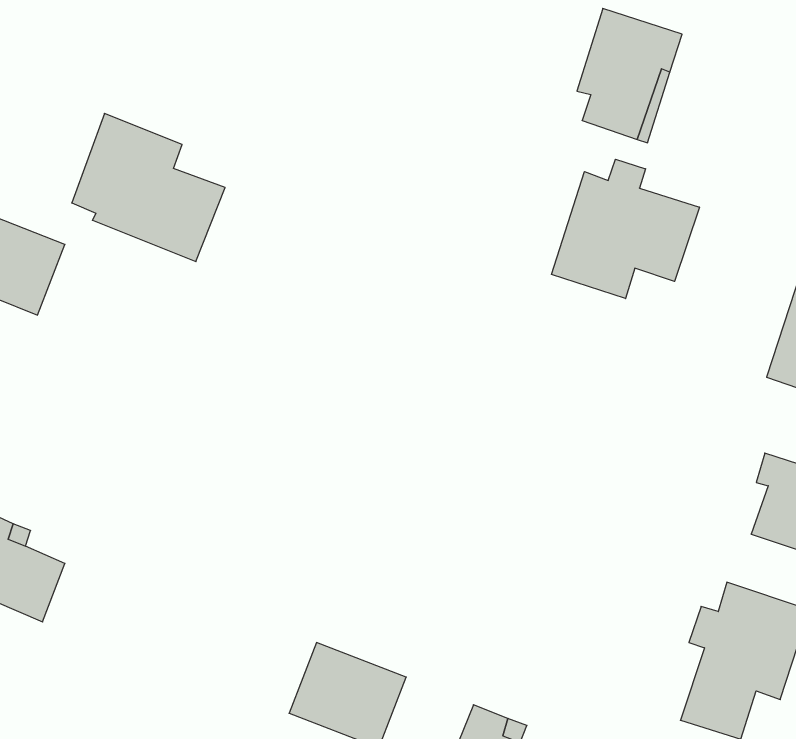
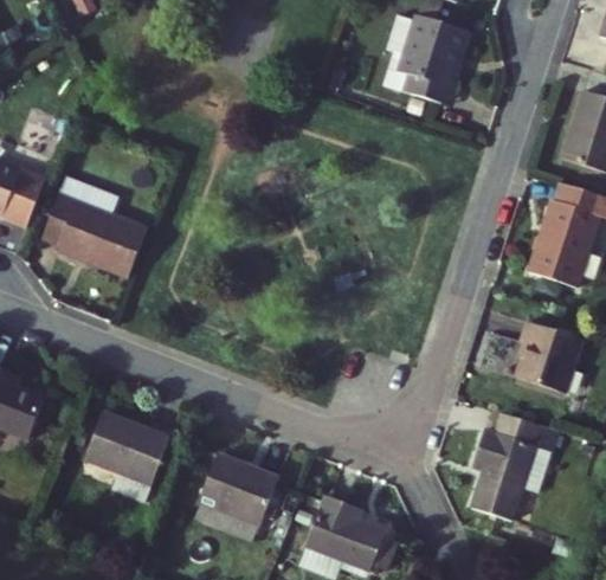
building: [72,113,225,262] -> [43,176,148,278]
building: [552,159,699,299] -> none
building: none -> [83,413,169,504]

